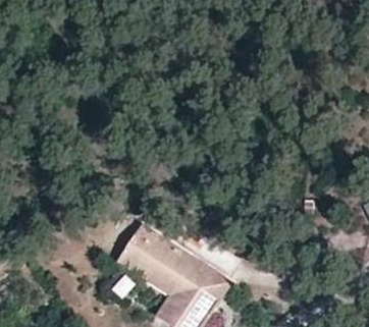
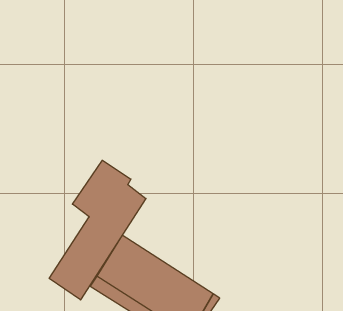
building: none -> [49,160,146,300]

